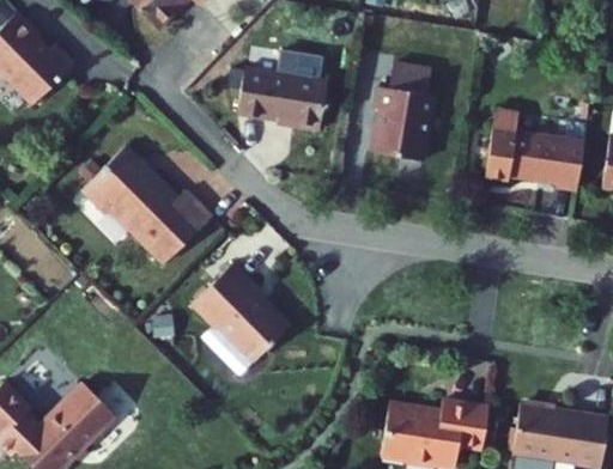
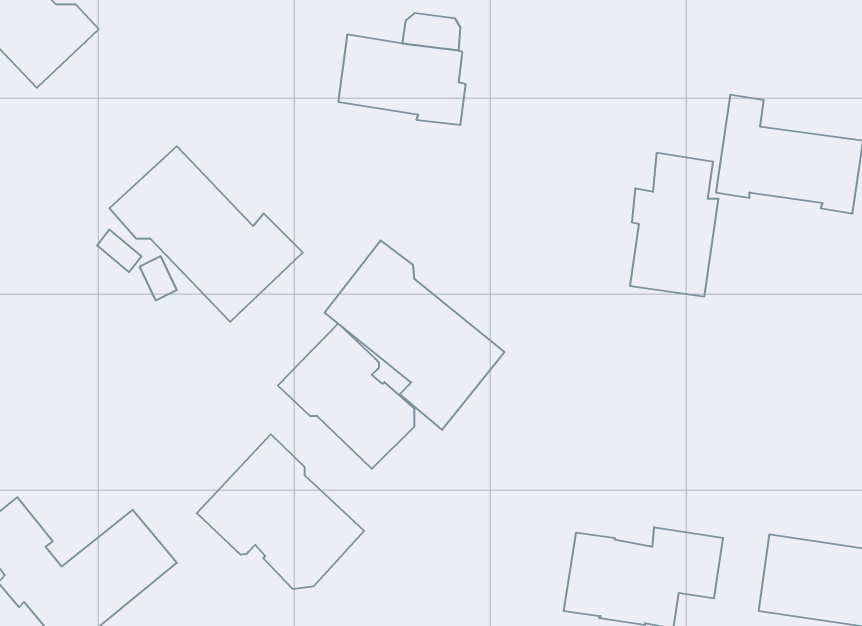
building: [372,63,432,160] -> [630,153,719,296]
building: none -> [325,240,505,430]
building: none -> [197,434,364,589]

